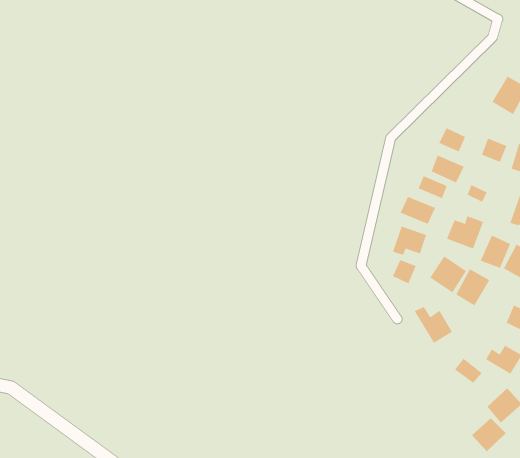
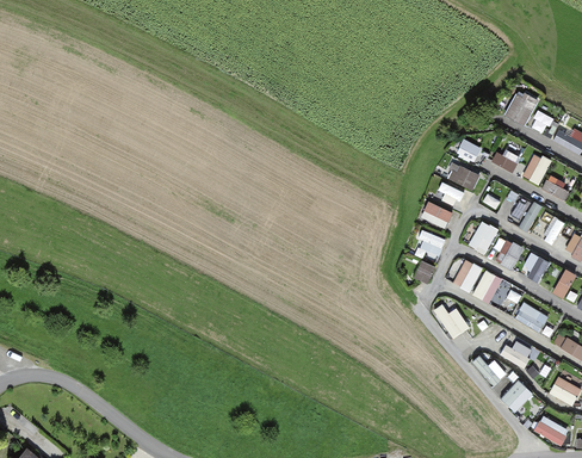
building: [471,418,507,452] -> none

